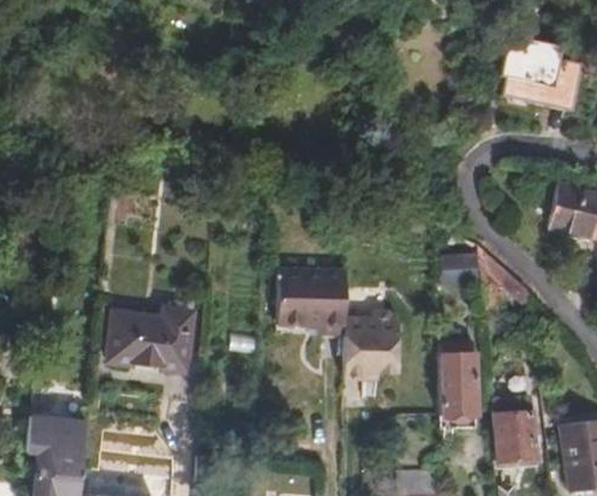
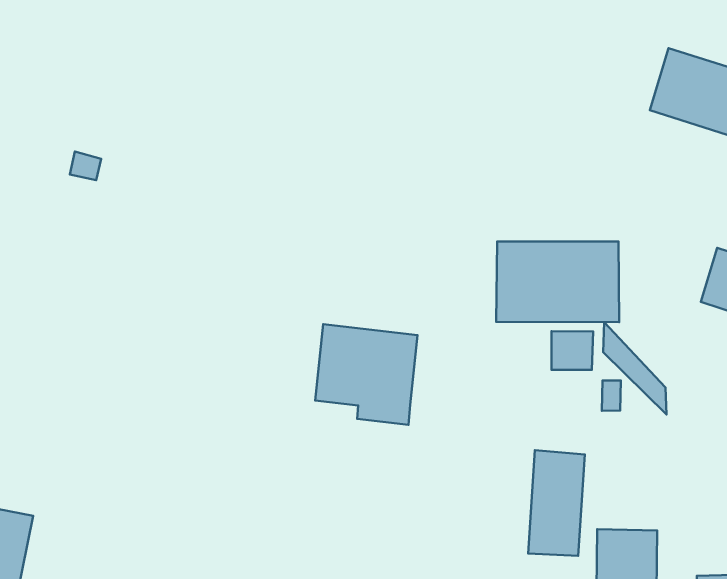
building: none -> [496,241,619,322]
building: [108,309,192,369] -> none
building: [347,313,402,382] -> none

